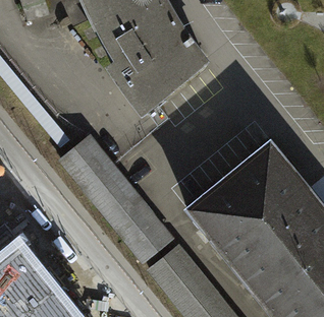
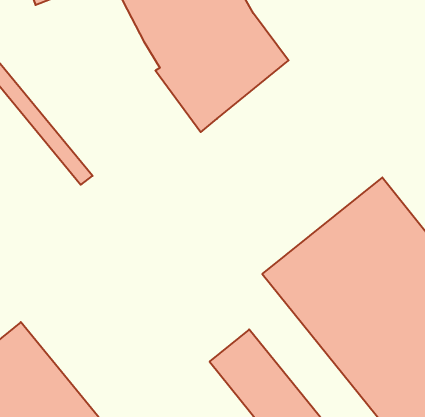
building: [62,138,171,260] -> none

